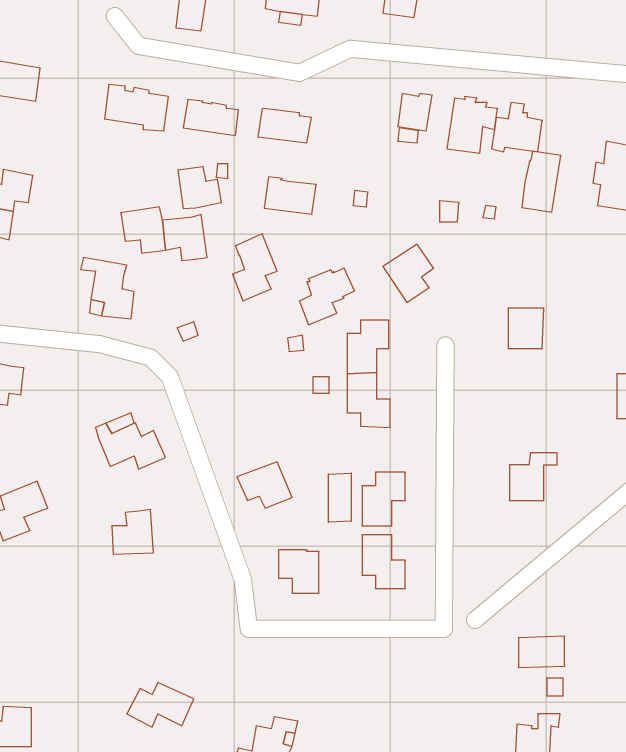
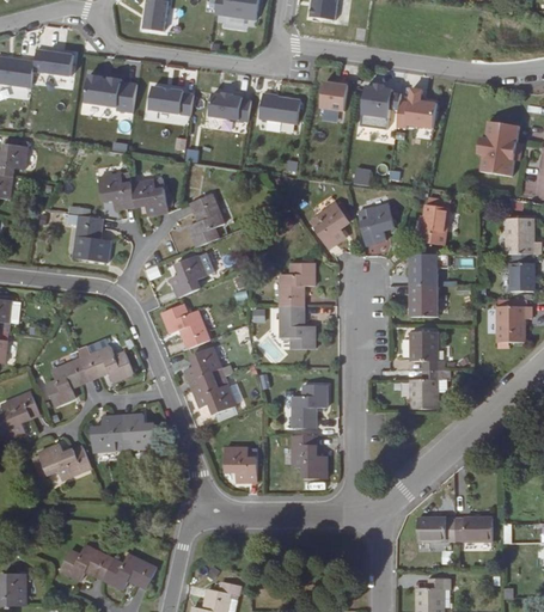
building: none -> [43,50,73,75]
building: [522,151,561,212] -> [420,196,451,245]
building: [178,166,221,209] -> none
building: [264,177,316,214] -> [258,93,300,123]
building: none -> [359,203,393,244]
building: [299,268,355,325] -> [170,252,214,298]
building: none -> [409,286,436,317]
building: none -> [161,304,209,349]
building: none -> [410,331,444,369]
building: none -> [184,347,224,388]
building: none -> [45,357,90,406]
building: [328,473,351,522] -> none
building: none -> [122,414,155,449]
building: none -> [38,443,91,479]
building: none -> [454,516,491,540]
building: none -> [59,544,114,580]

